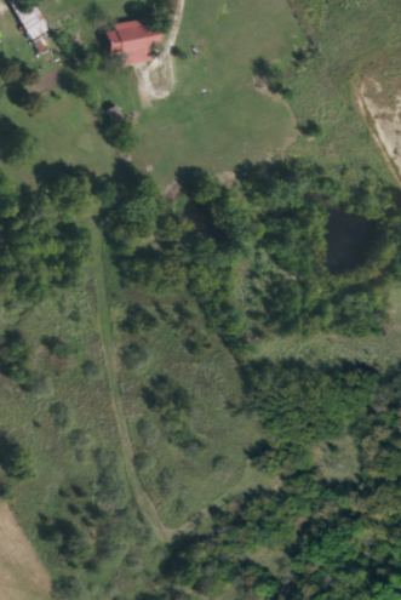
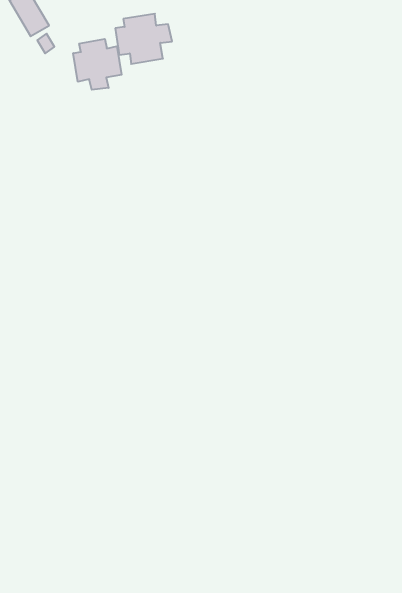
building: none -> [73,39,122,90]

